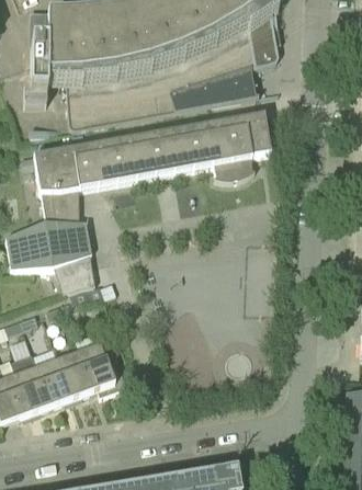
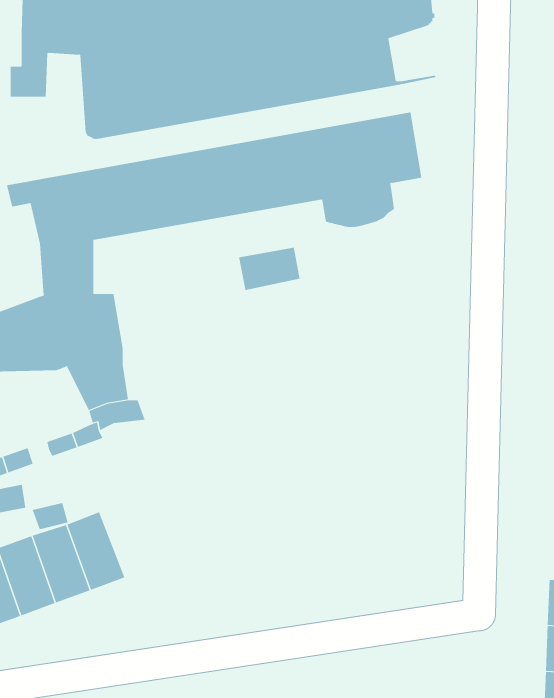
building: none -> [238,247,300,291]
building: [77,341,126,392] -> none

